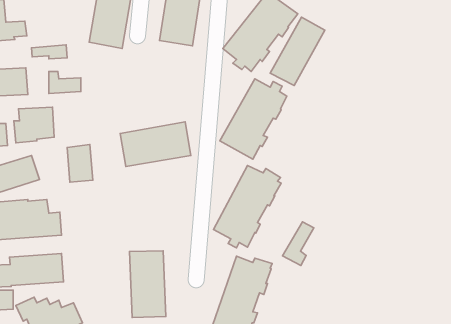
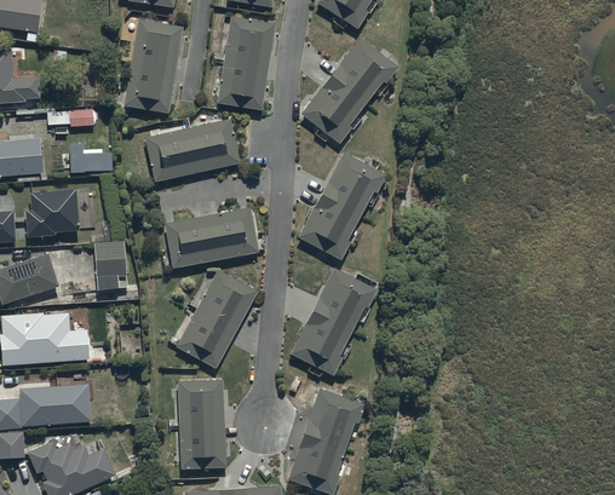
building: [270,17,325,86] -> none
building: none -> [144,117,240,182]
building: none -> [176,270,258,367]
building: [282,222,314,265] -> none

